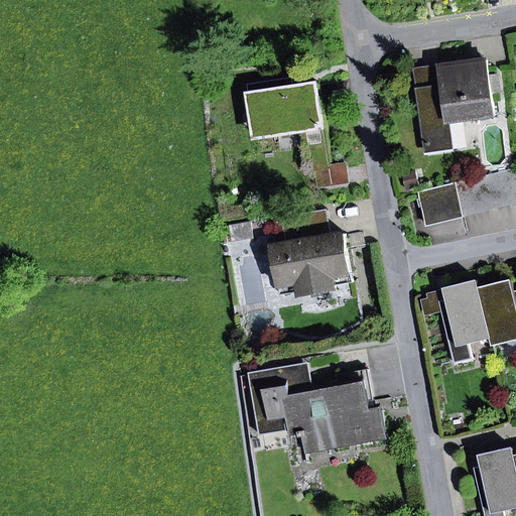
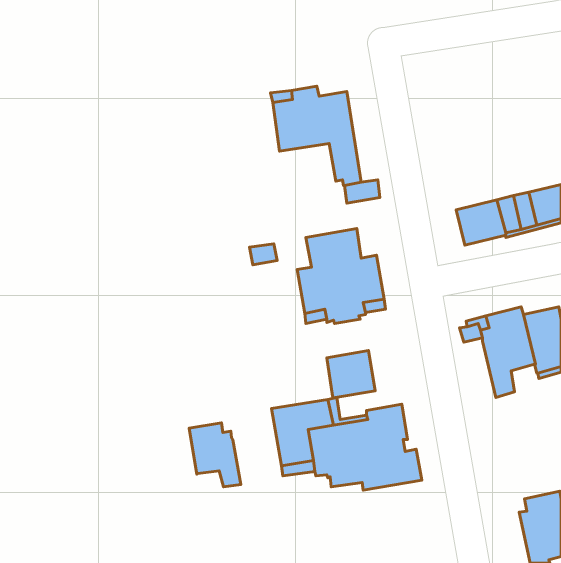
building: [412,59,493,151] -> none
building: none -> [327,350,375,398]
building: none -> [189,423,241,487]

